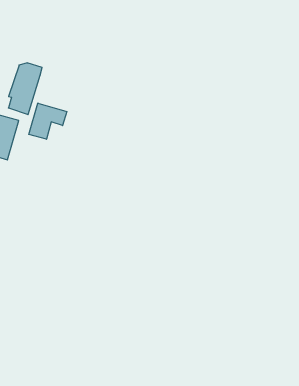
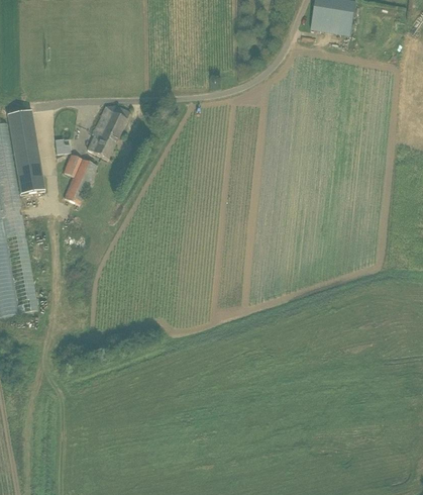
building: [29,103,67,139] -> none

